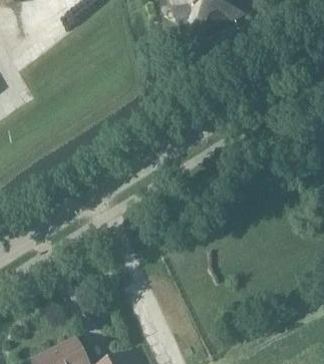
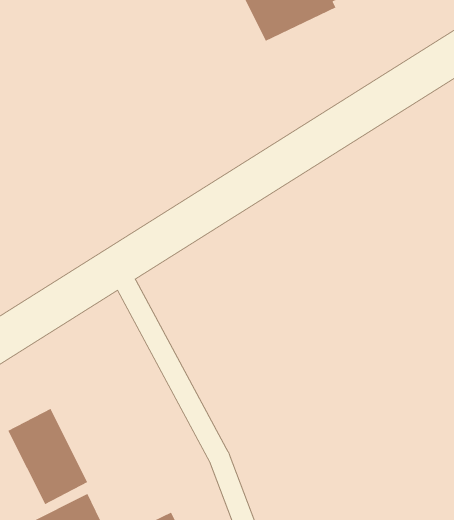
building: none -> [7,408,88,505]

